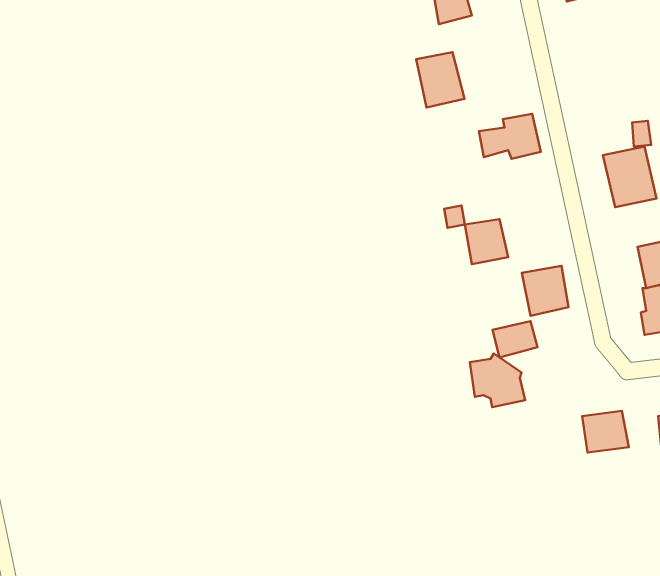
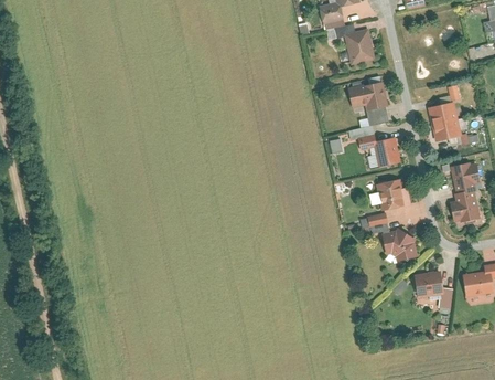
building: [416,52,464,107] -> [344,29,375,64]
building: [465,219,508,264] -> [374,137,401,166]
building: [470,354,525,407] -> [383,226,418,261]

